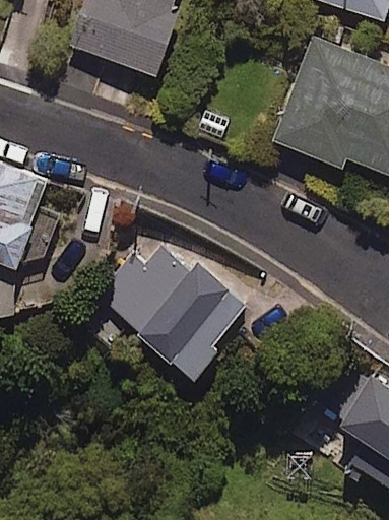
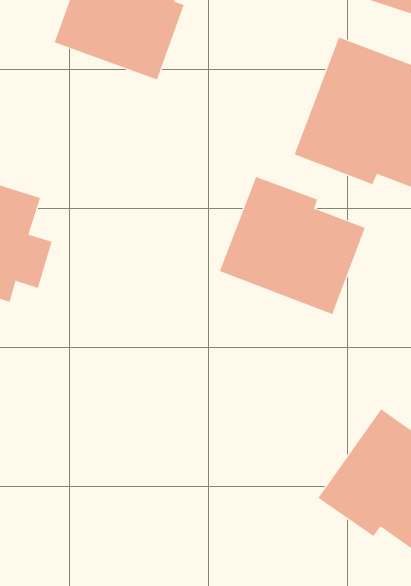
building: none -> [219,176,365,315]
building: [95,221,267,387] -> none

